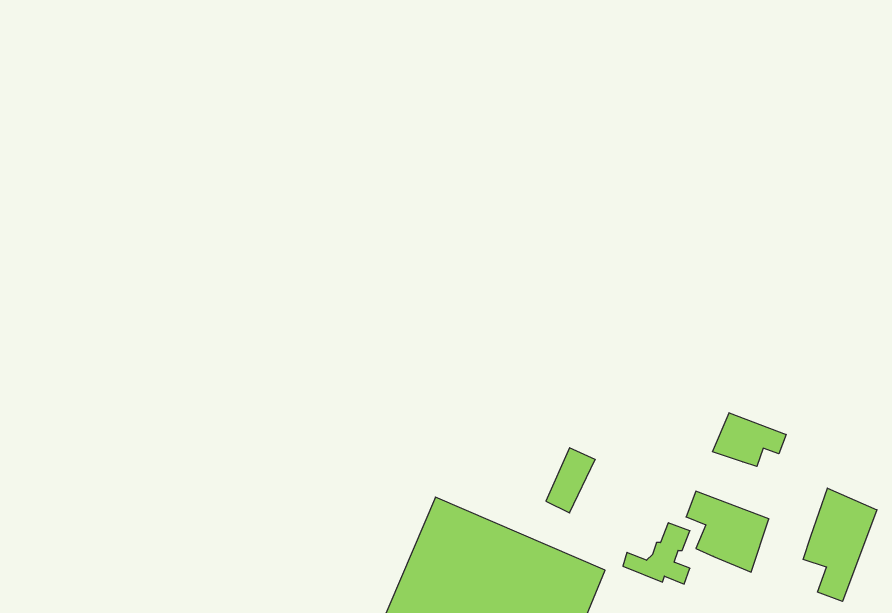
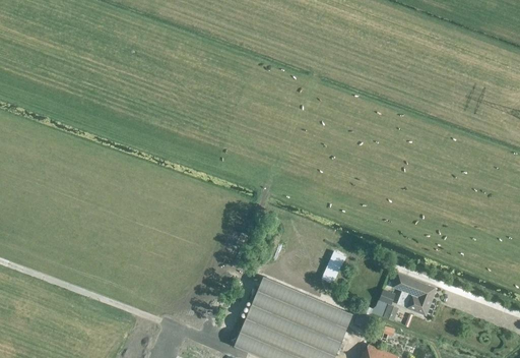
building: [712,413,786,466] -> none
building: [803,488,877,601] -> none

